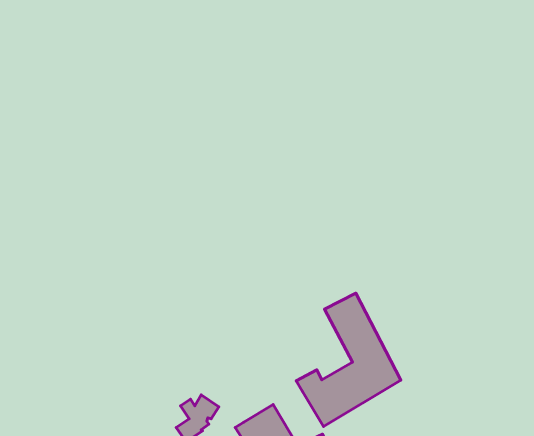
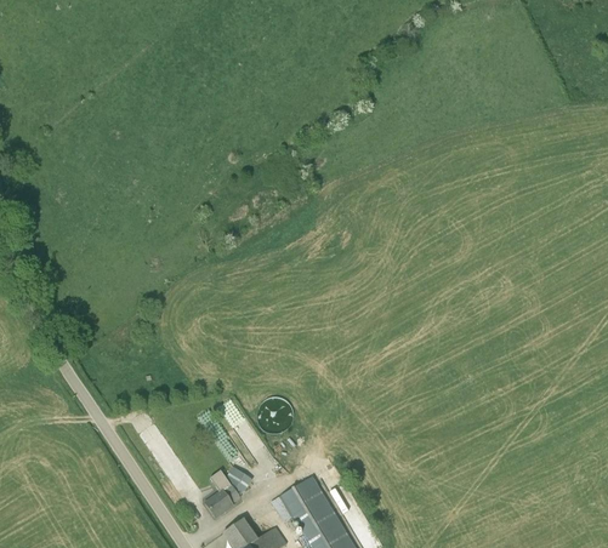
building: [296,293,401,426] -> none

